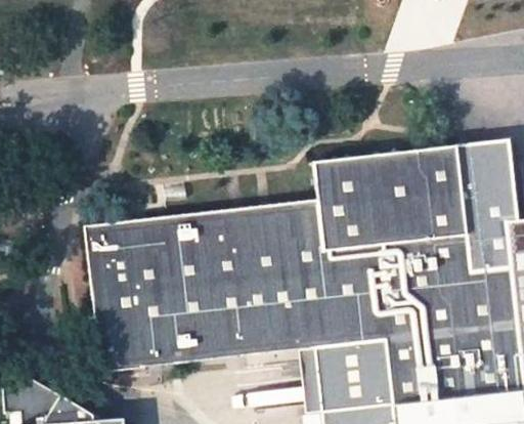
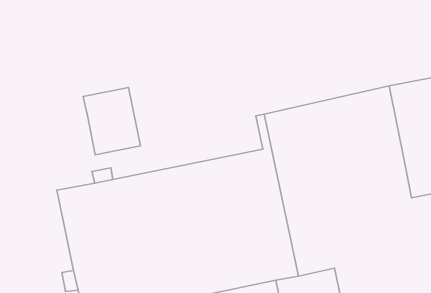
building: none -> [83,88,141,155]

